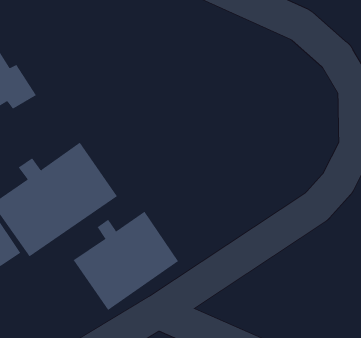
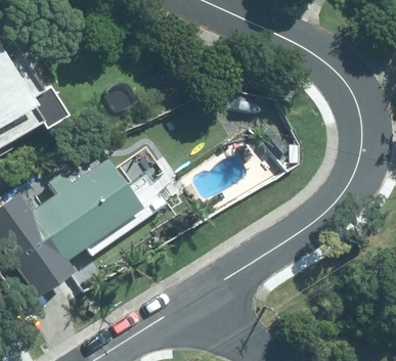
building: [73,211,179,311] -> none

